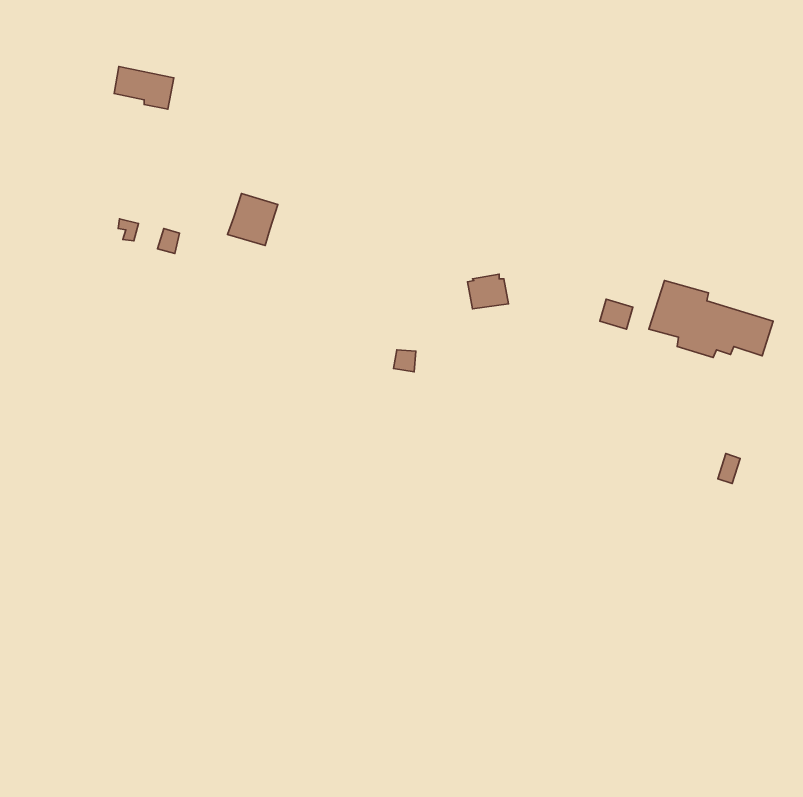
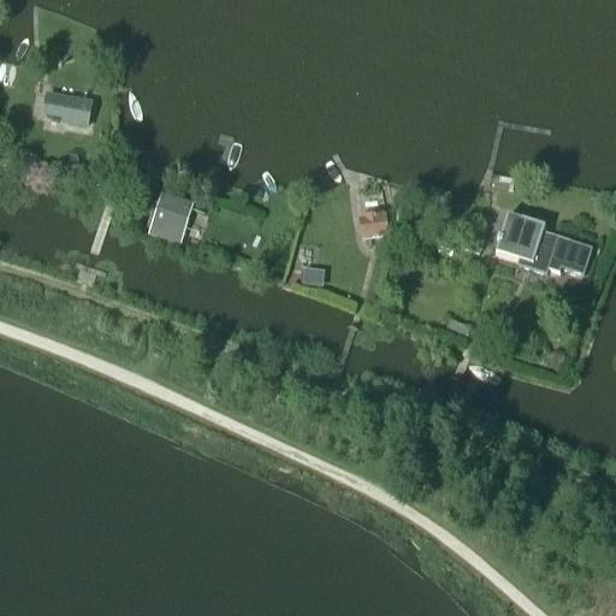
building: [114,67,174,109] -> [46,91,91,124]
building: [227,193,278,245] -> [152,199,190,238]

